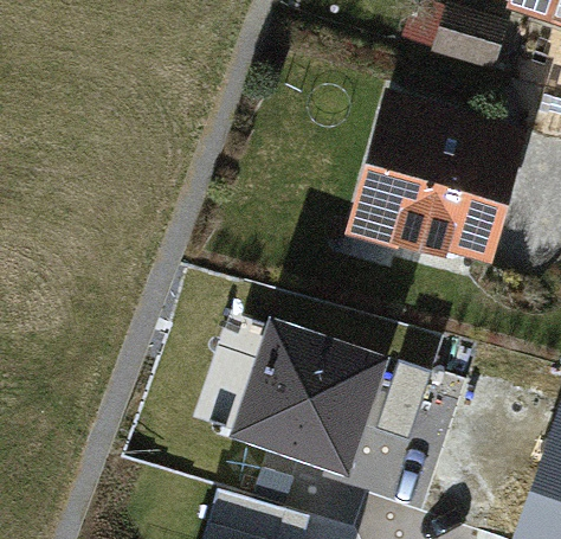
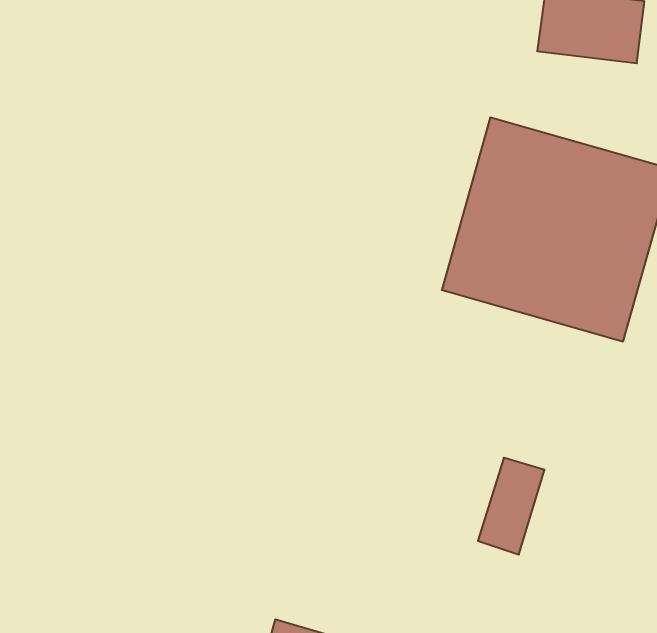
building: [237,323,382,470] -> none

